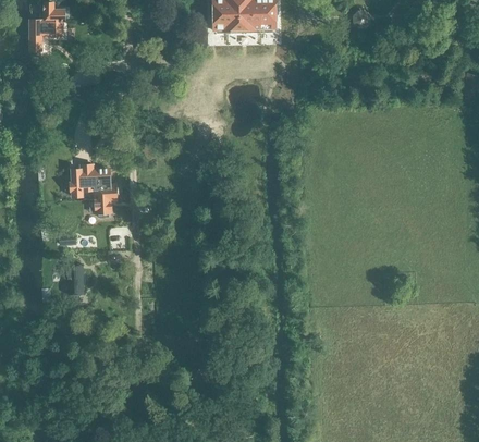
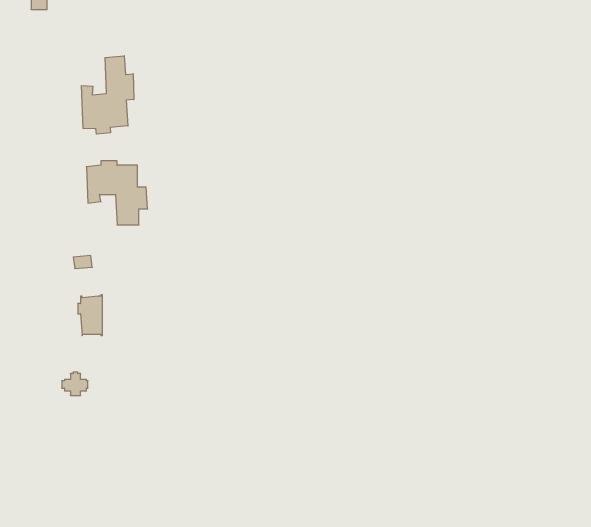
building: none -> [81,56,134,134]

